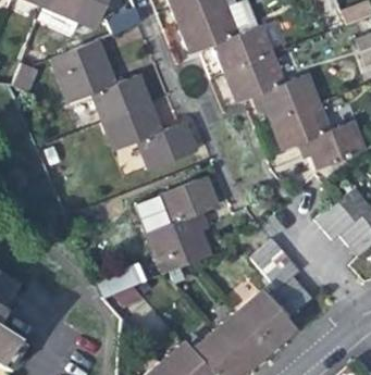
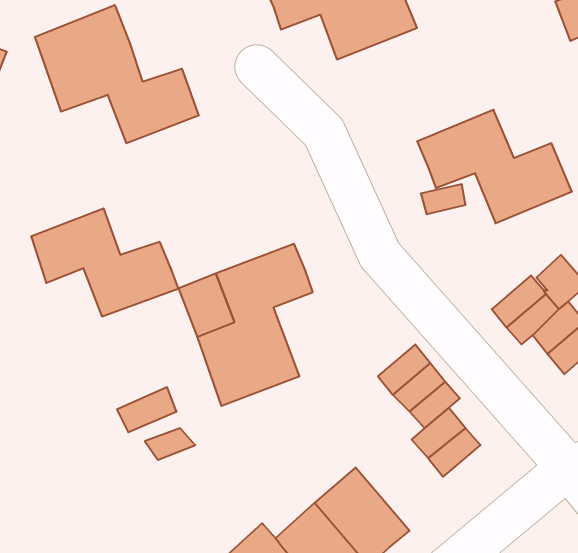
building: [228,53,320,120] -> none
building: [106,104,191,167] -> [31,208,178,316]
building: [239,292,292,347] -> none

